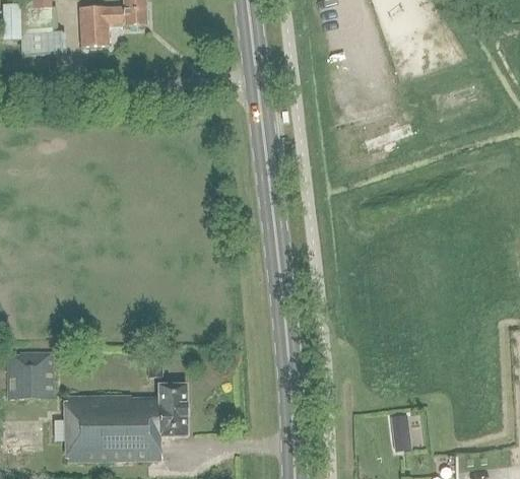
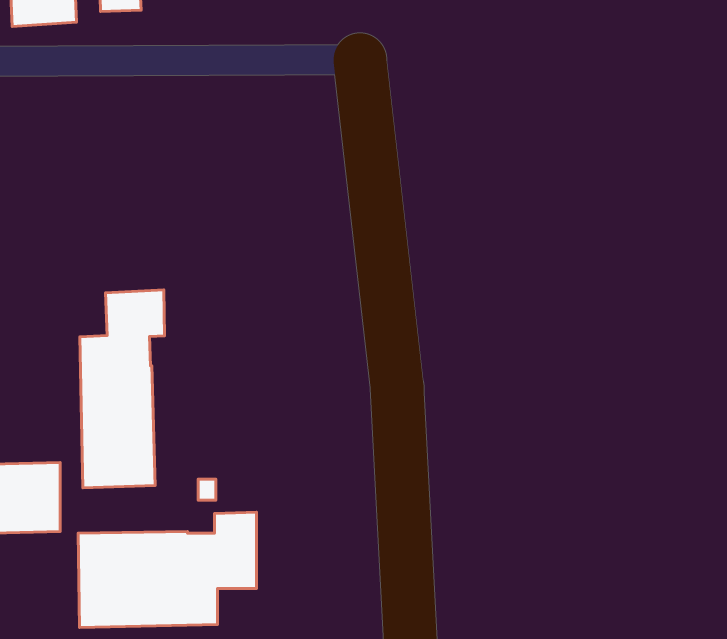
building: none -> [80,290,164,488]
building: [390,413,411,451] -> none

